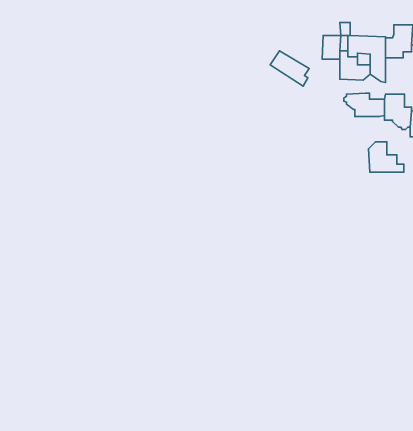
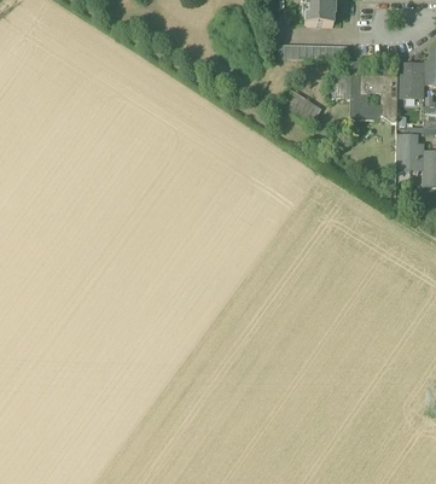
building: [344,93,384,116] -> none
building: [369,142,404,172] -> none

